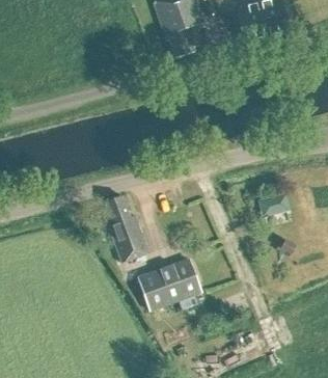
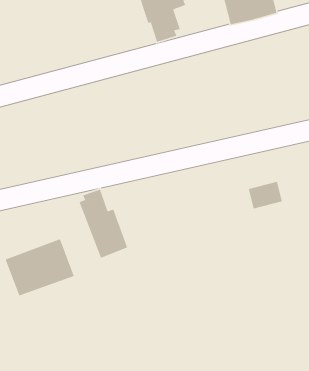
building: [137,258,203,313] -> [4,238,75,296]

